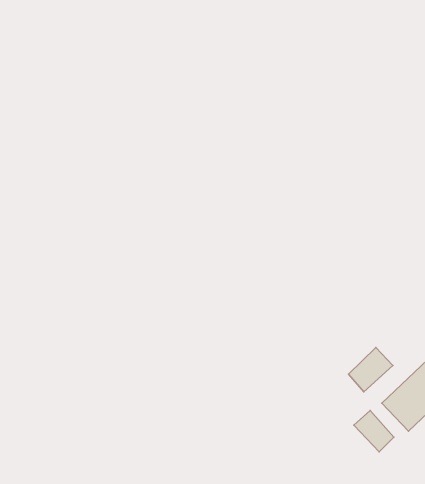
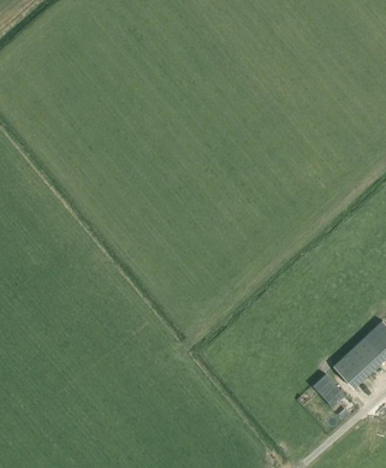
building: [348,347,393,392] -> none

